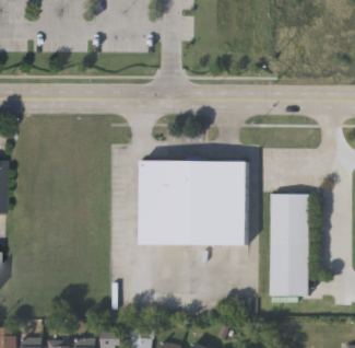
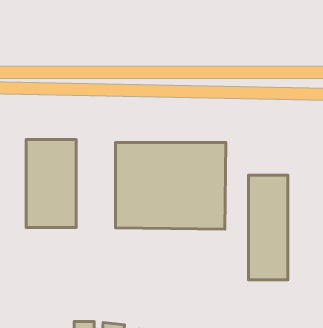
building: none -> [26,140,76,227]

